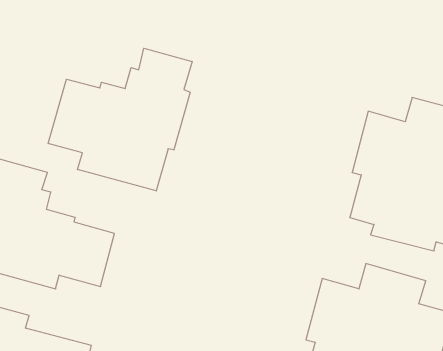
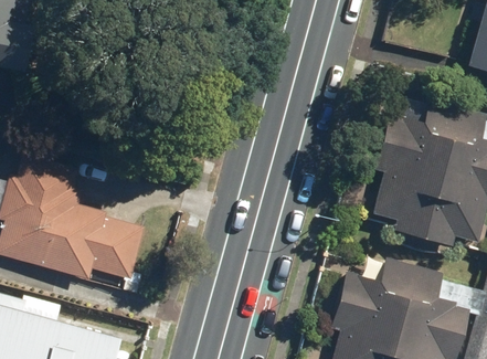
building: [48,48,192,191] -> none

